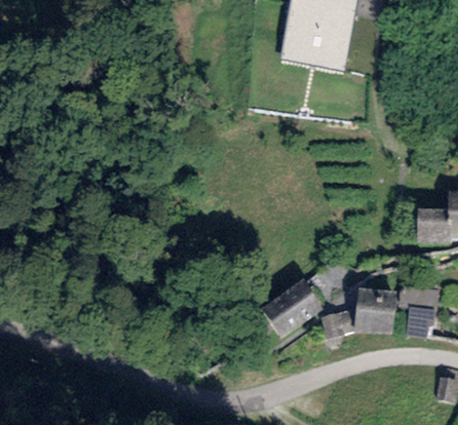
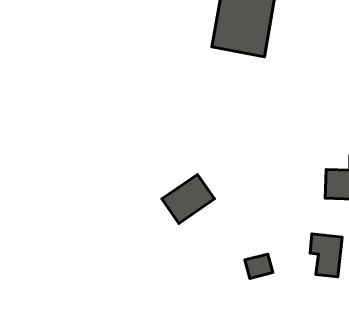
building: [261,278,325,338] -> [162,174,214,223]
building: [354,287,396,334] -> none

